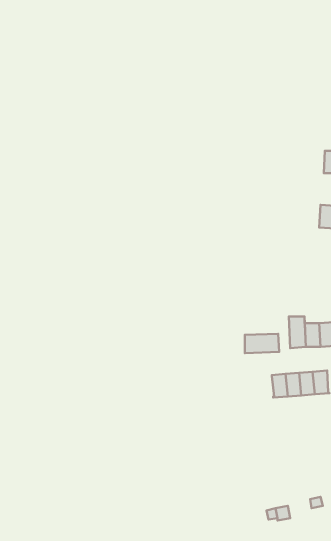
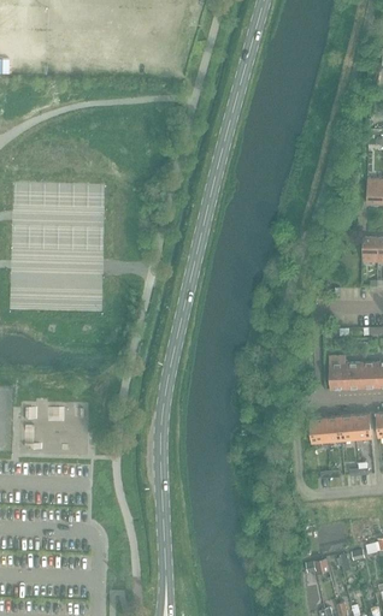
building: [245,334,279,353] -> none

